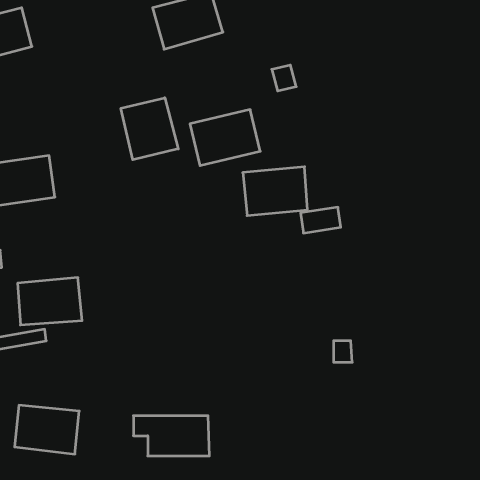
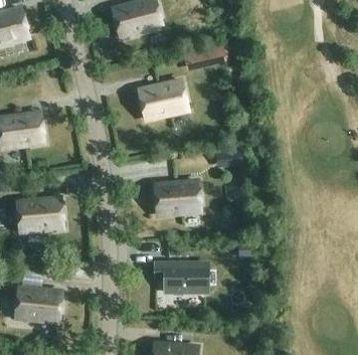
building: [121,98,178,160] -> none
building: [243,167,307,216] -> [154,180,199,214]
building: [133,416,209,456] -> [154,262,207,291]

